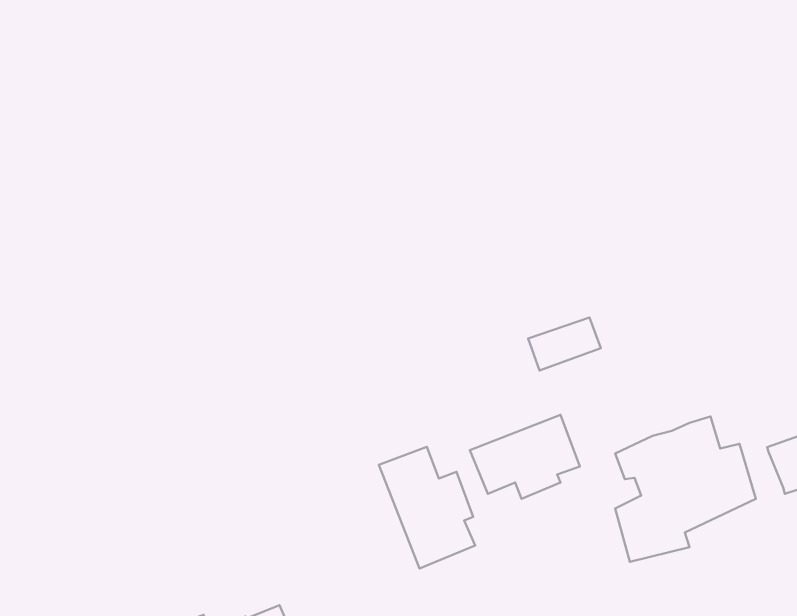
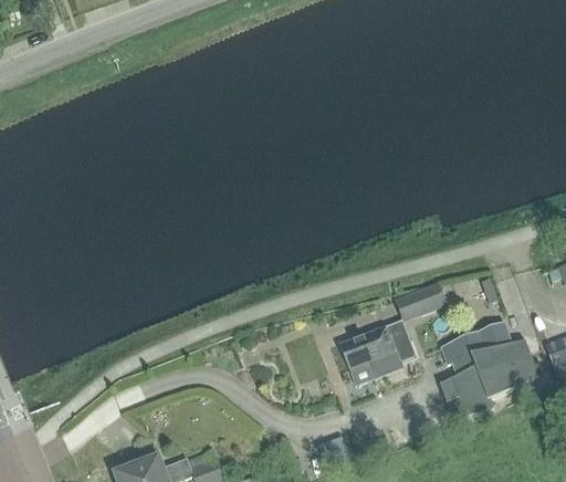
building: [528,317,601,371] -> [395,283,444,319]
building: [379,447,475,569] -> none

